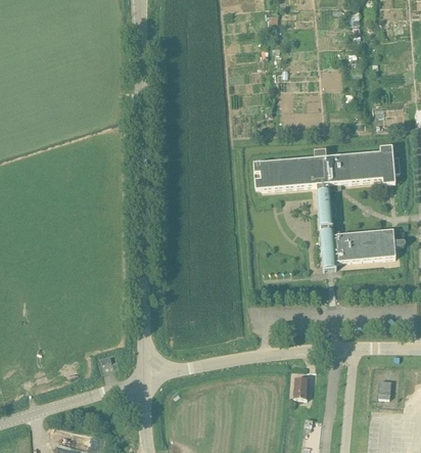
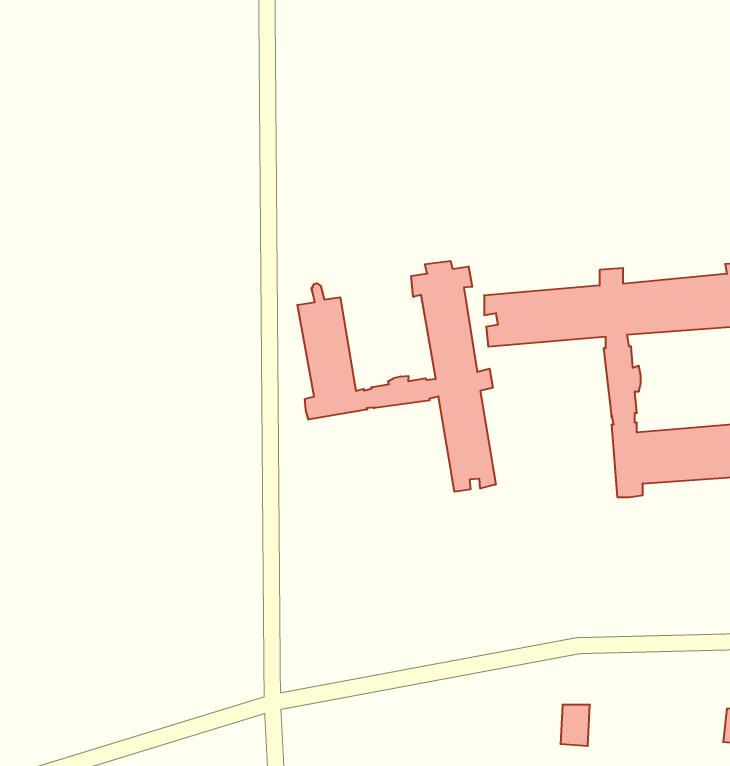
building: none -> [297,261,496,492]

